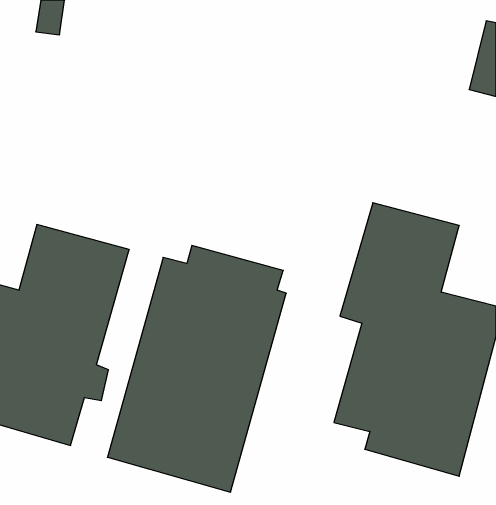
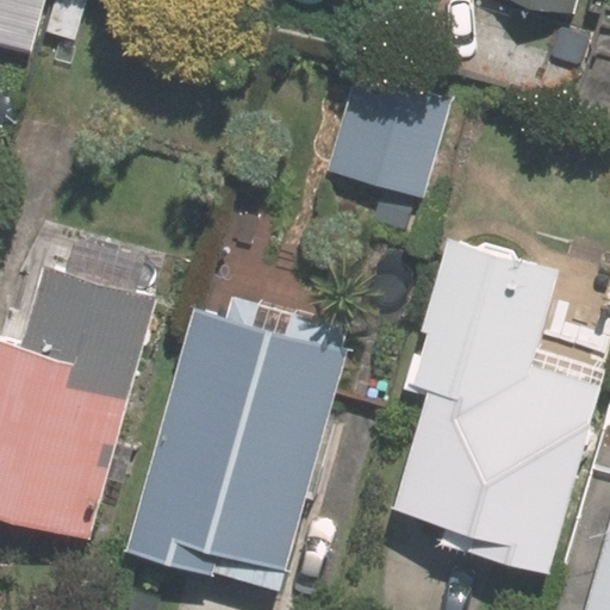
building: none -> [323,75,447,194]

